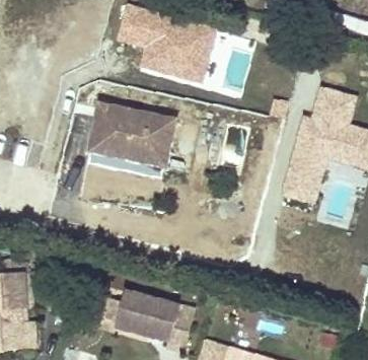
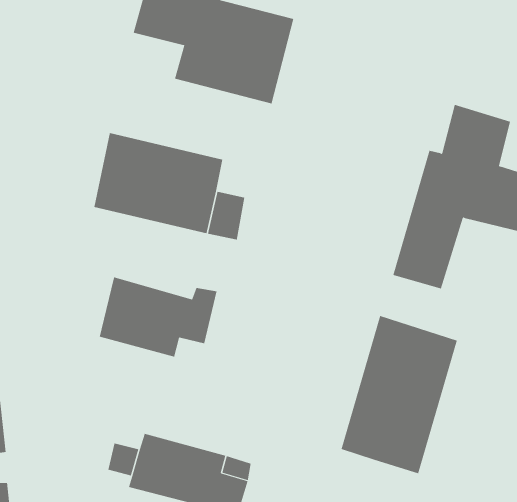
building: none -> [99,276,217,358]
building: none -> [341,315,458,474]

